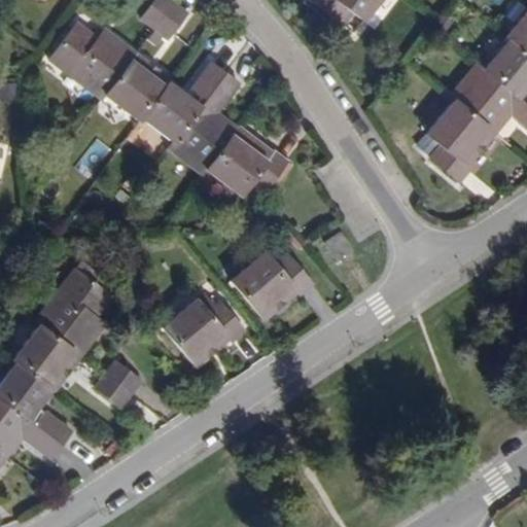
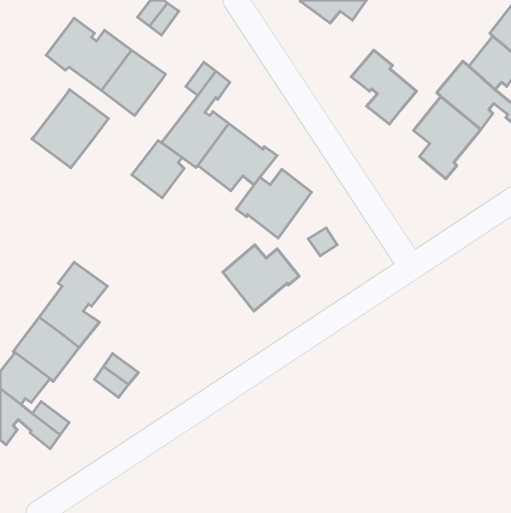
building: none -> [351,50,417,124]
building: [141,82,195,141] -> [132,141,184,198]
building: none -> [32,89,108,168]
building: none -> [236,169,312,238]
building: [161,297,242,366] -> none

